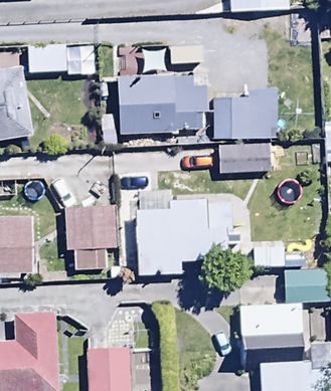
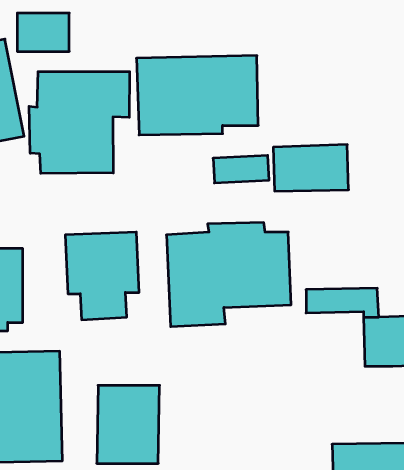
building: none -> [29,72,130,173]
building: [213,88,271,139] -> none
building: [241,305,305,351] -> none

